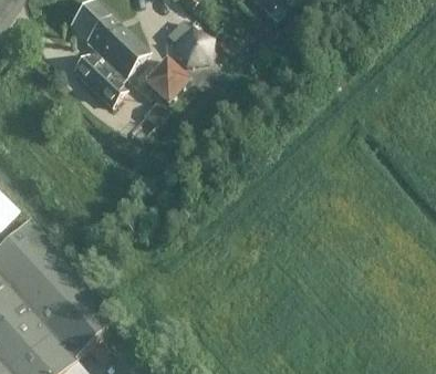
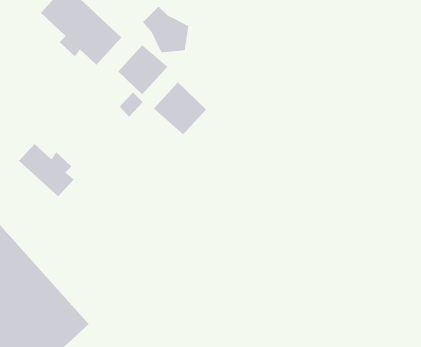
building: [72,52,125,103] -> [18,143,74,197]
building: none -> [153,81,207,135]

